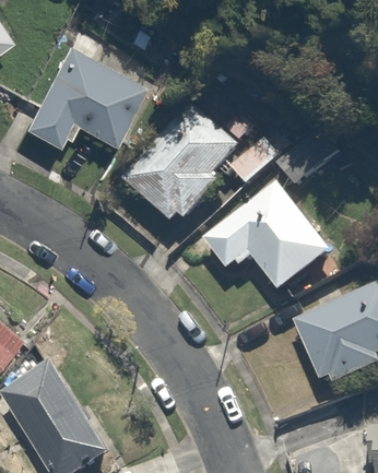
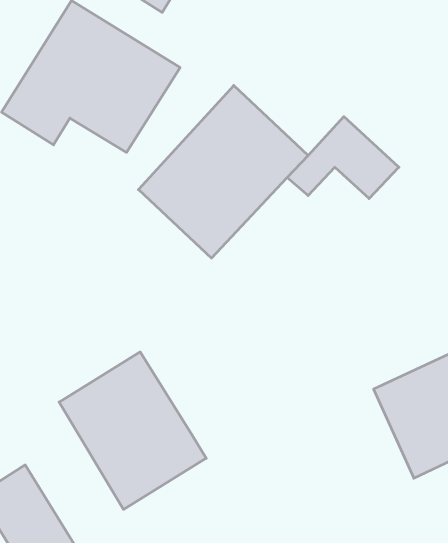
building: [204,184,332,291] -> none
building: none -> [59,352,206,509]

